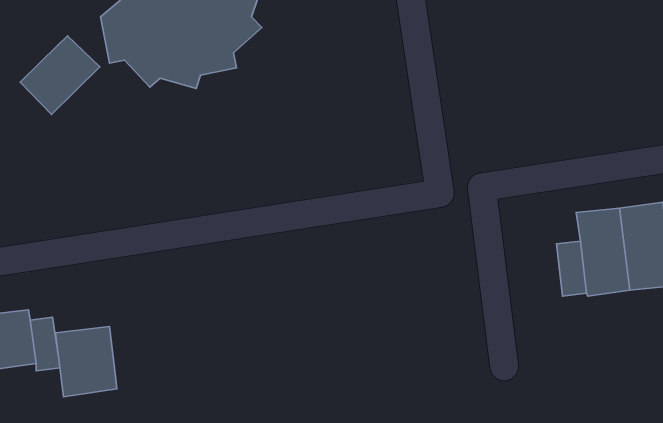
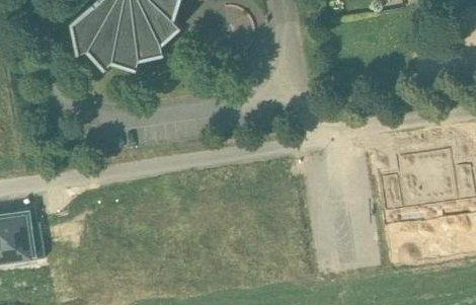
building: [20,36,100,115] -> none
building: [56,326,117,397] -> none

